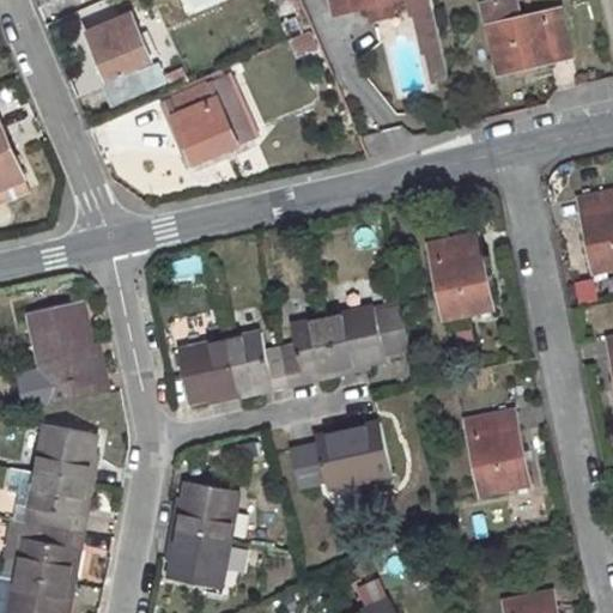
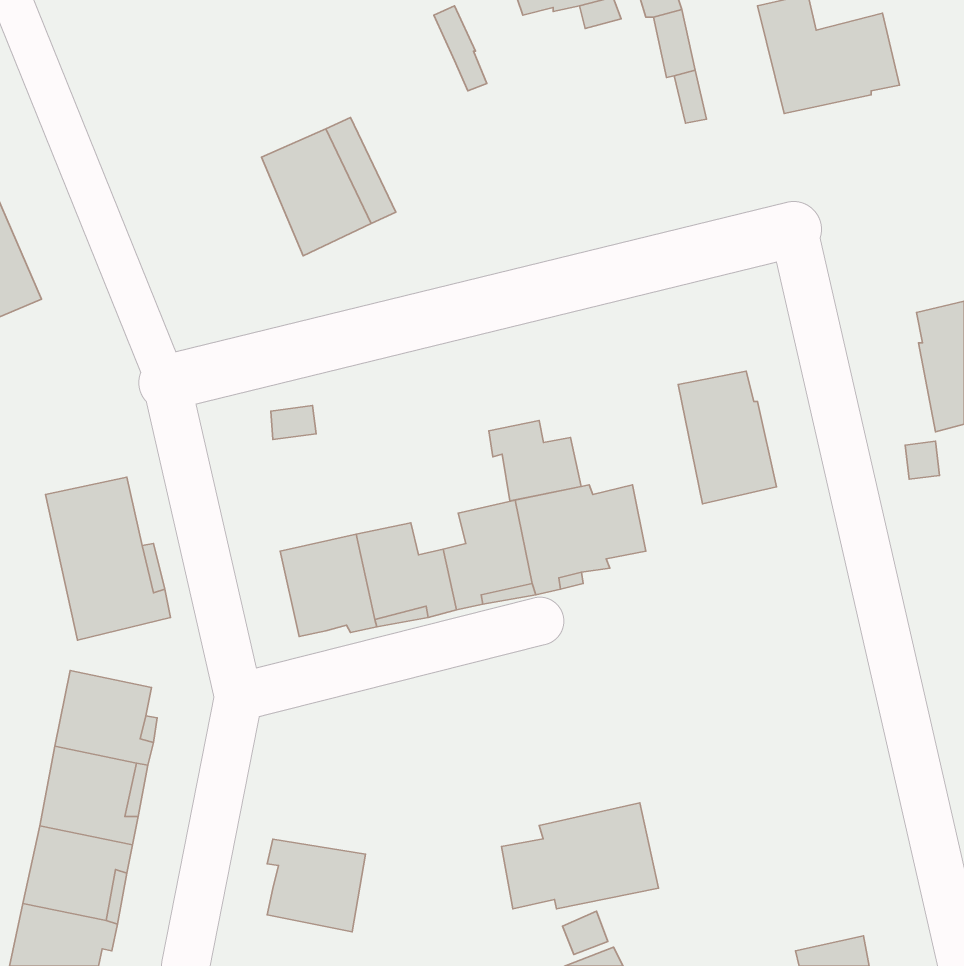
building: [85,13,158,102] -> none
building: none -> [489,420,581,501]
building: [466,411,527,493] -> none
building: [291,421,390,488] -> [501,803,659,909]
building: [172,482,239,540] -> none

